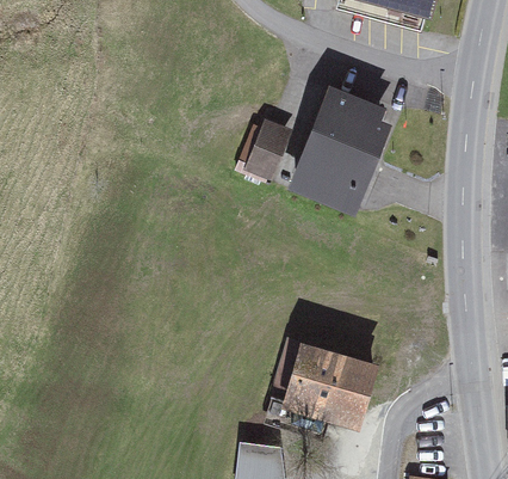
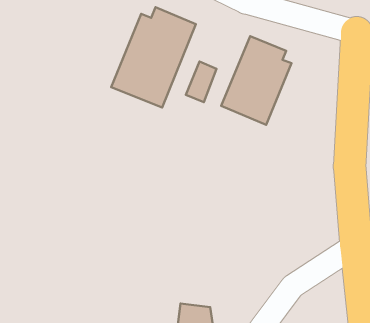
building: none -> [111,7,196,108]
building: [285,346,376,420] -> none

